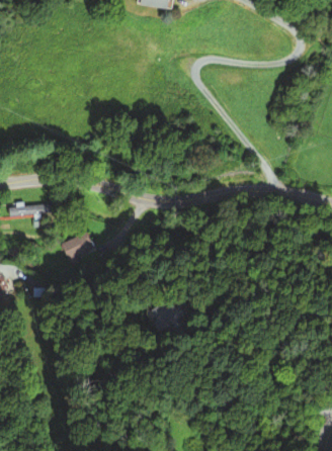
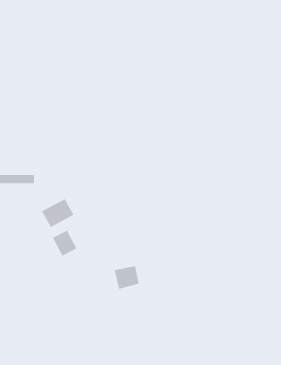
building: none -> [52,230,77,257]

